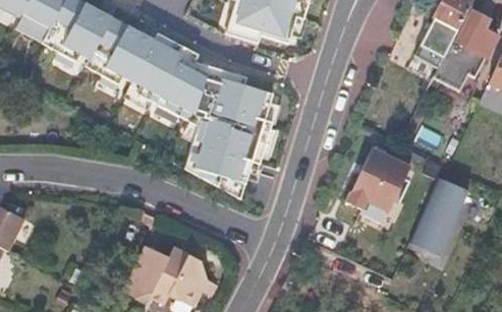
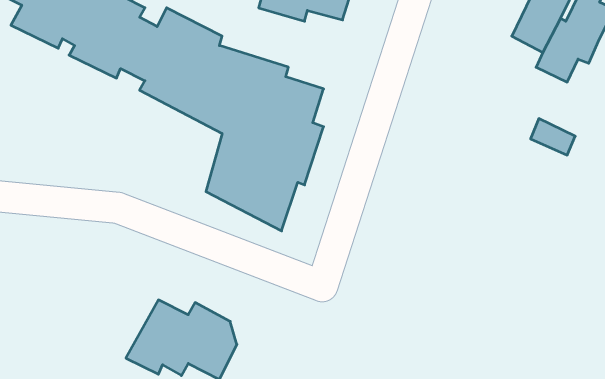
building: [347,147,410,209] -> none
building: [410,176,469,254] -> none

